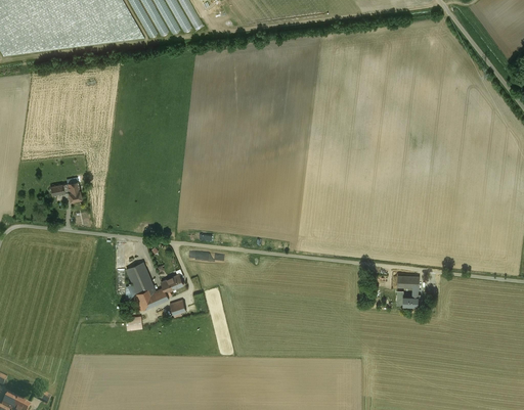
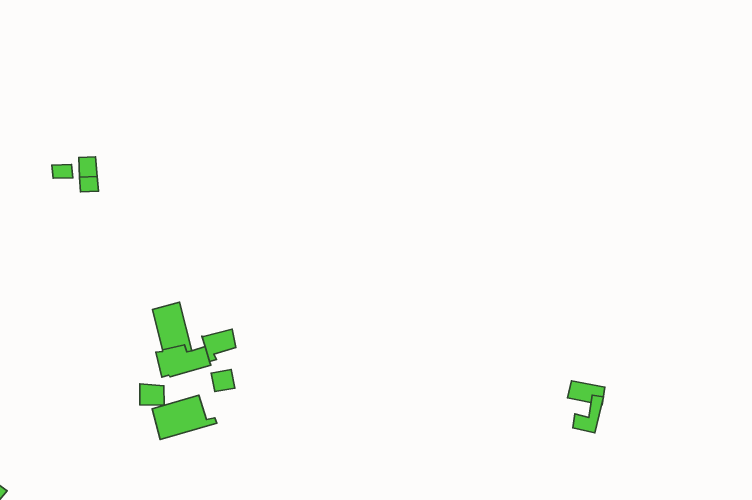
building: none -> [152,395,217,439]

